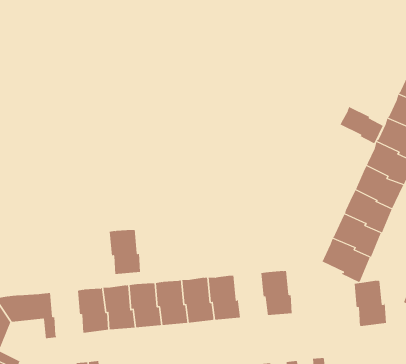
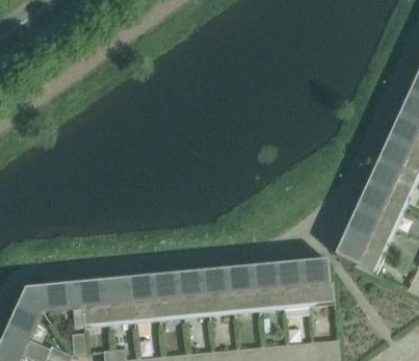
building: [340,106,384,144] -> none
building: [109,229,141,274] -> [79,281,109,324]
building: none -> [253,264,284,307]
building: [354,280,387,326] -> [303,259,334,303]

